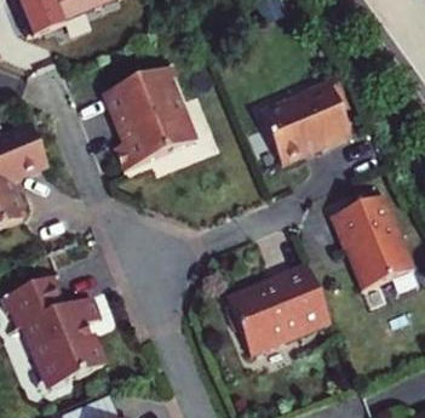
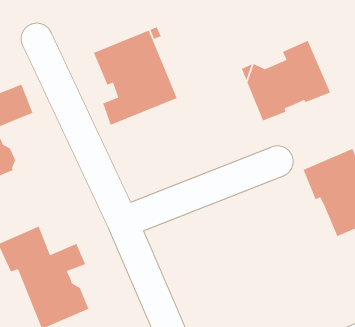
building: [228,262,331,354] -> none

